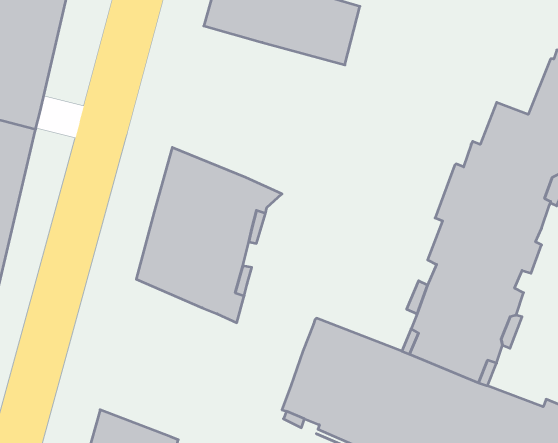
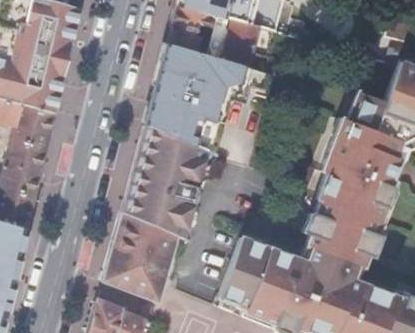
building: none -> [146,43,271,155]
building: none -> [102,212,176,301]

